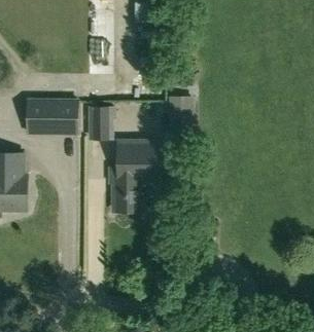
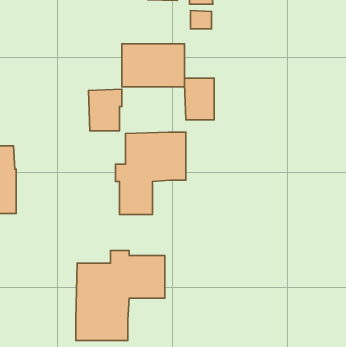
building: [26,100,78,136] -> [122,44,184,87]
building: none -> [76,251,165,341]

